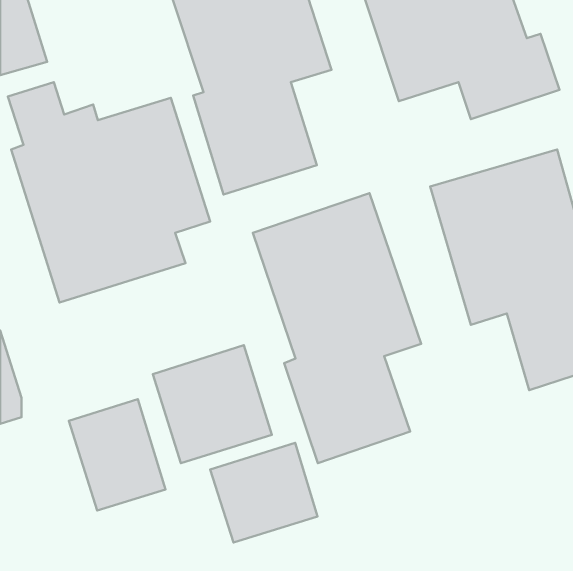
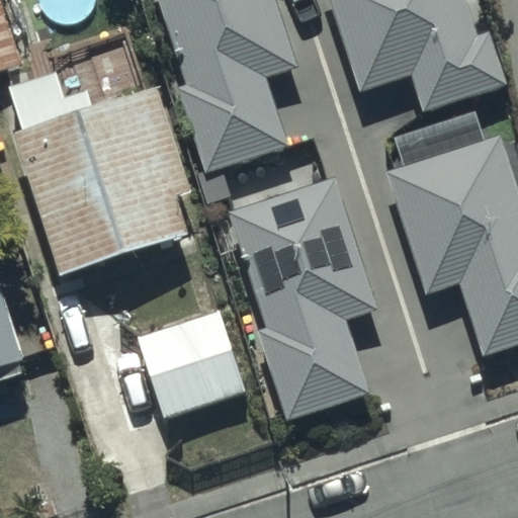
building: [69,399,166,511] -> none
building: [210,443,317,542] -> none

